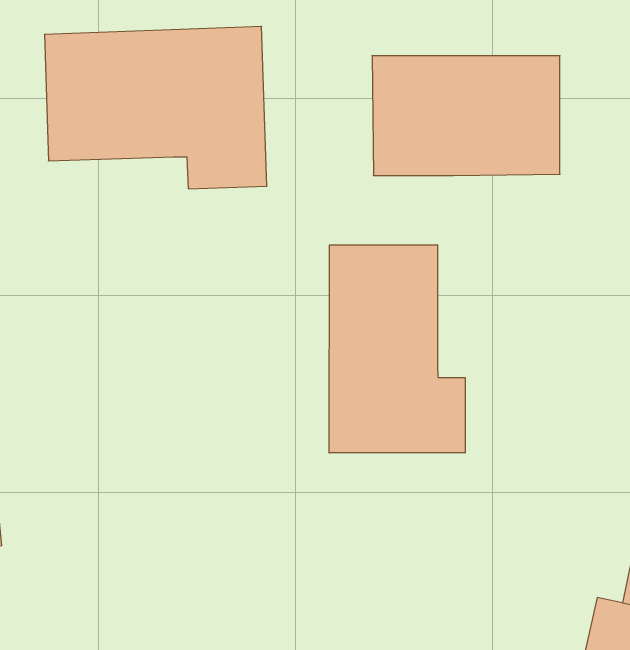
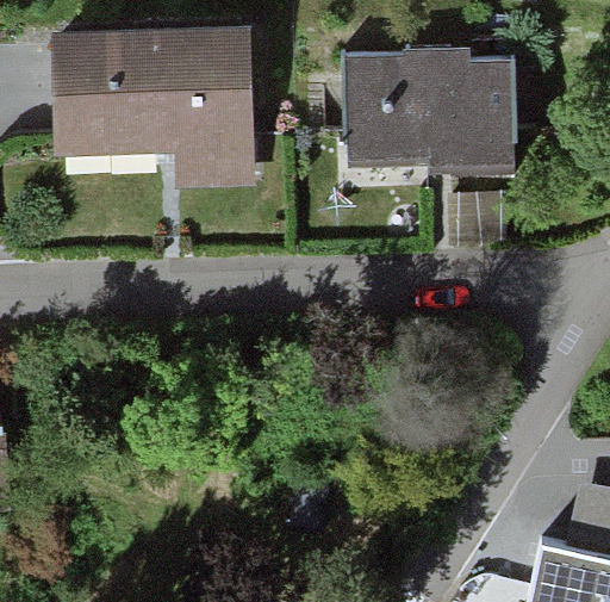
building: [329,245,465,453] -> none

